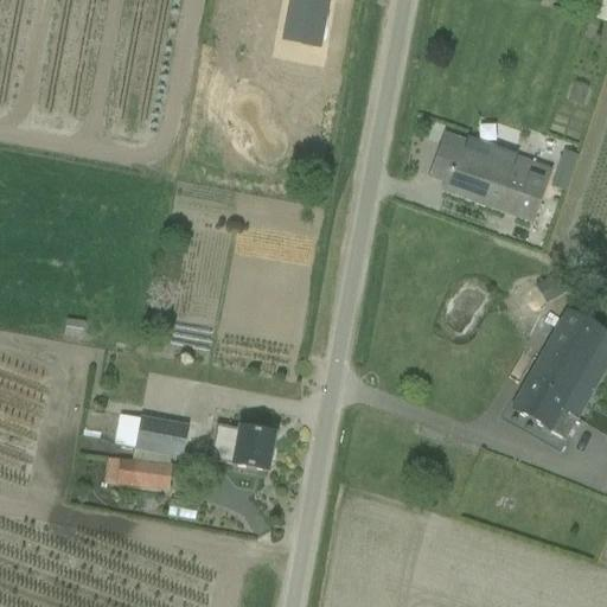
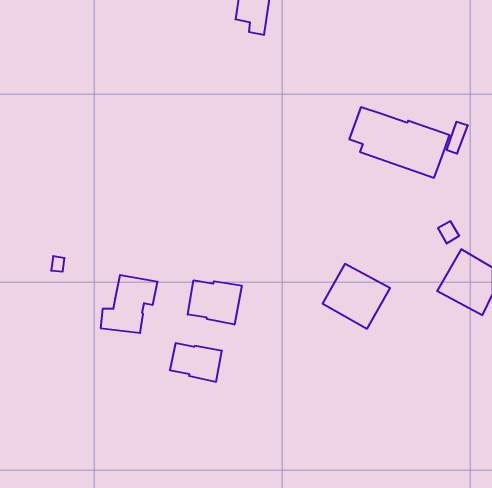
building: none -> [188,280,242,325]
building: [511,357,594,436] -> [323,264,390,329]
building: [117,415,187,486] -> [101,275,158,333]

